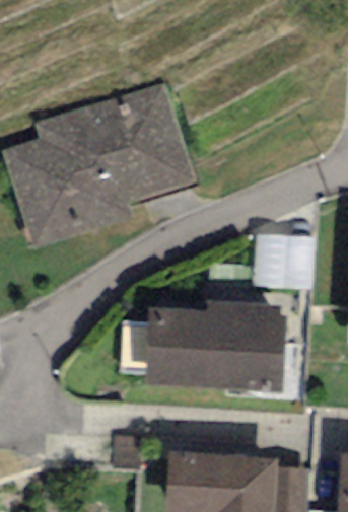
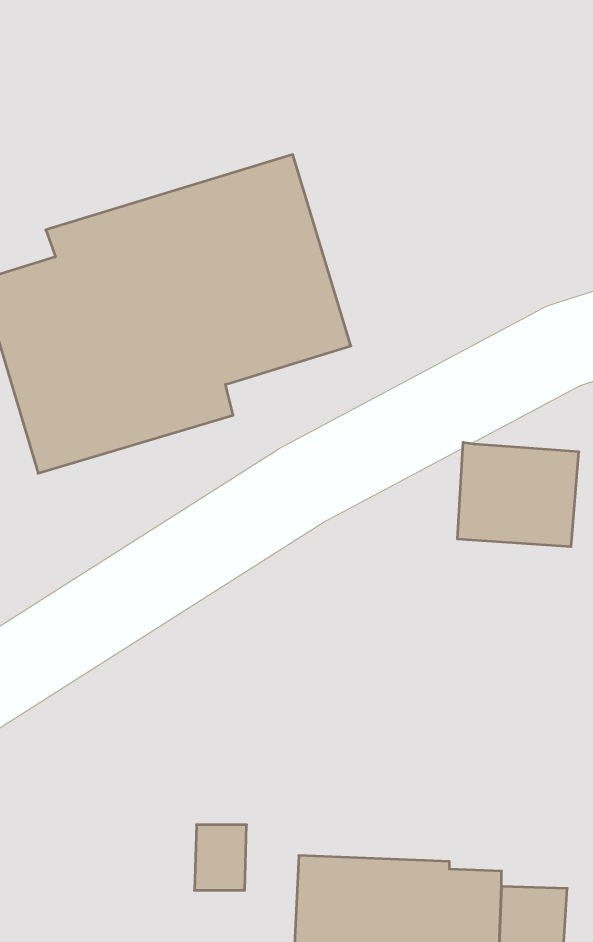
building: [144,301,285,392] -> none

